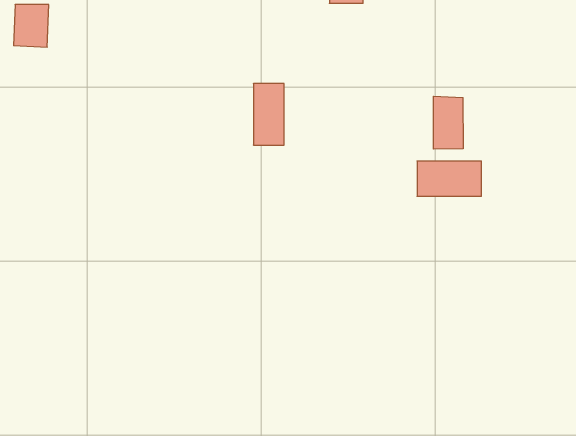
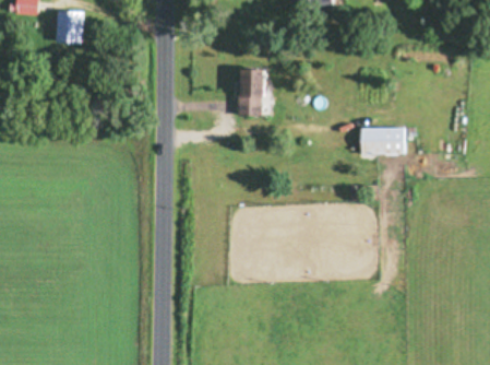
building: [434,96,463,149] -> none

